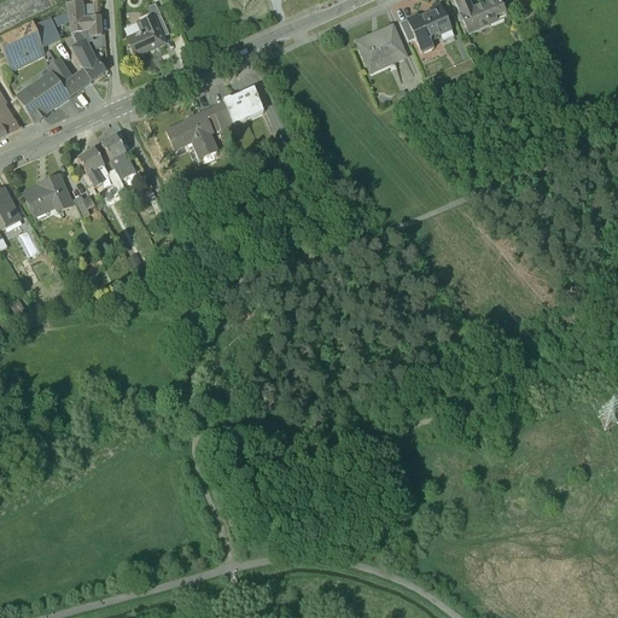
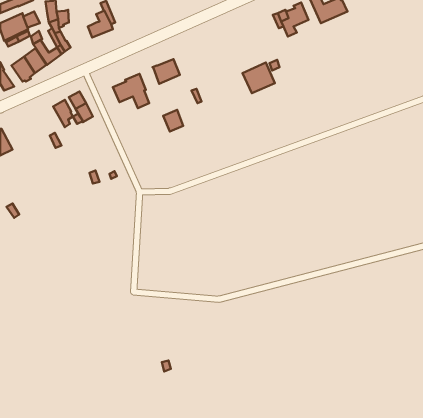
building: [357,25,404,70] -> [243,62,275,93]
building: [204,99,233,130] -> [163,110,183,131]
building: [24,173,72,218] -> none

